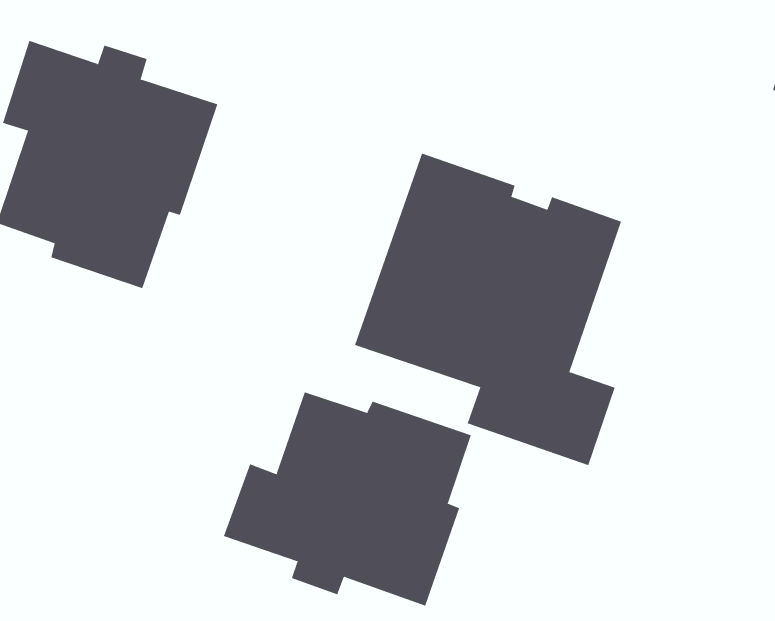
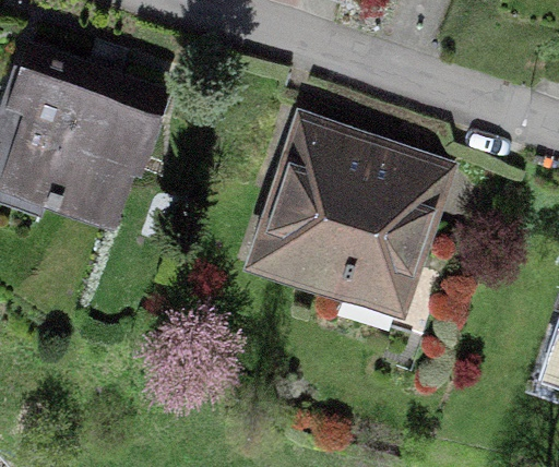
building: [223,391,471,606] -> none

